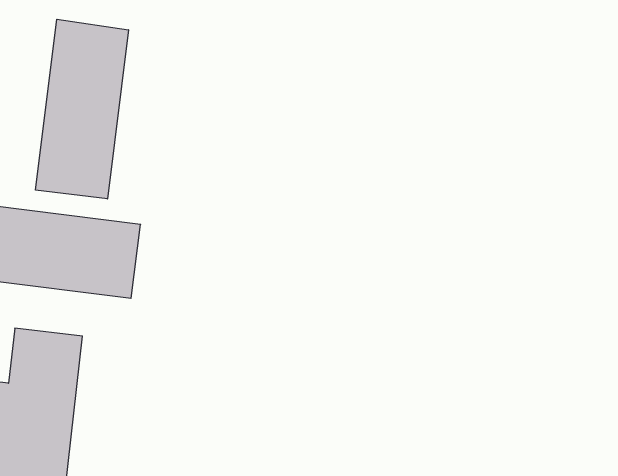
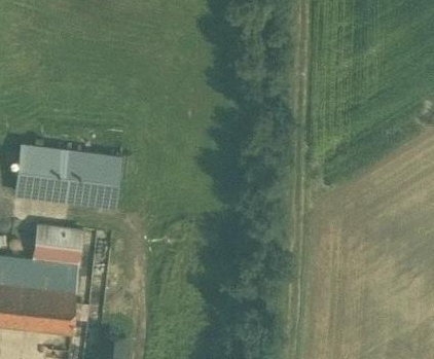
building: [36,19,128,199] -> none

